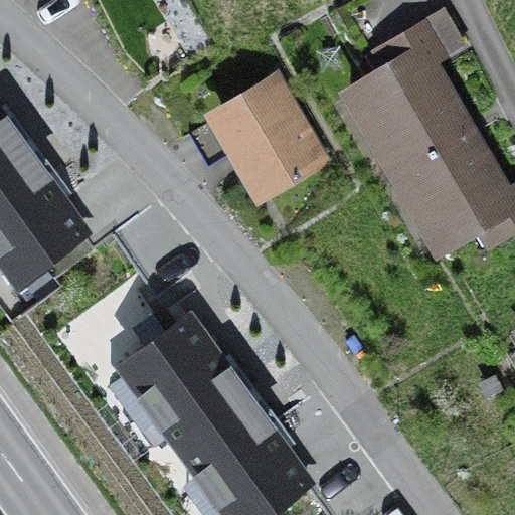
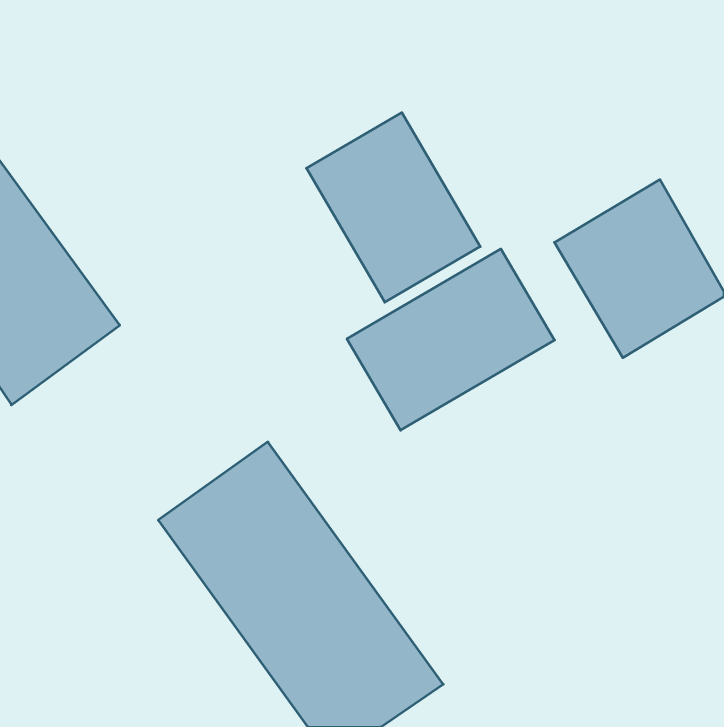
building: [341,43,466,171] -> none
building: none -> [347,249,555,430]

